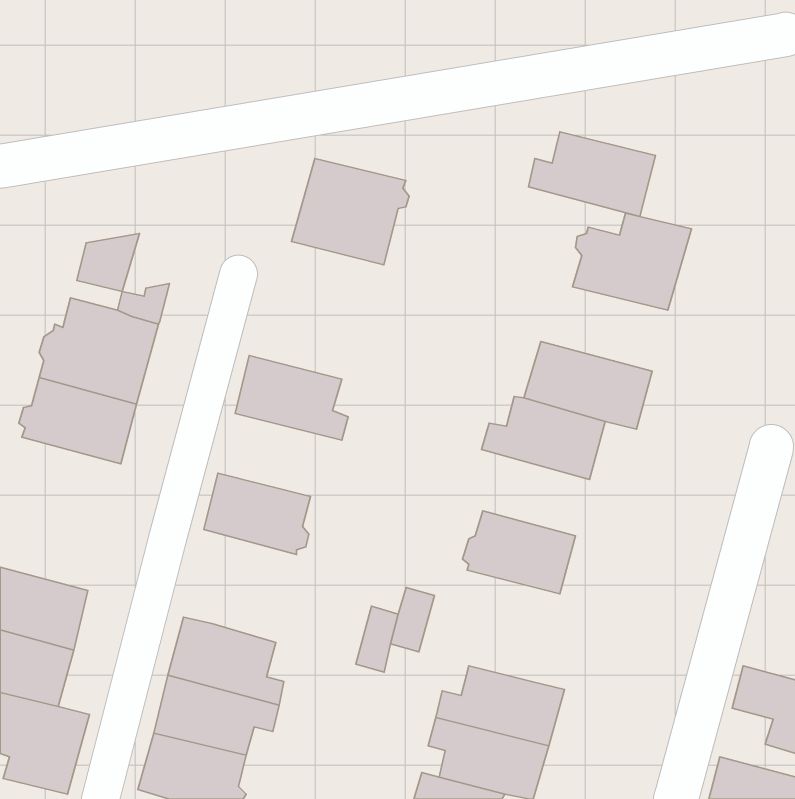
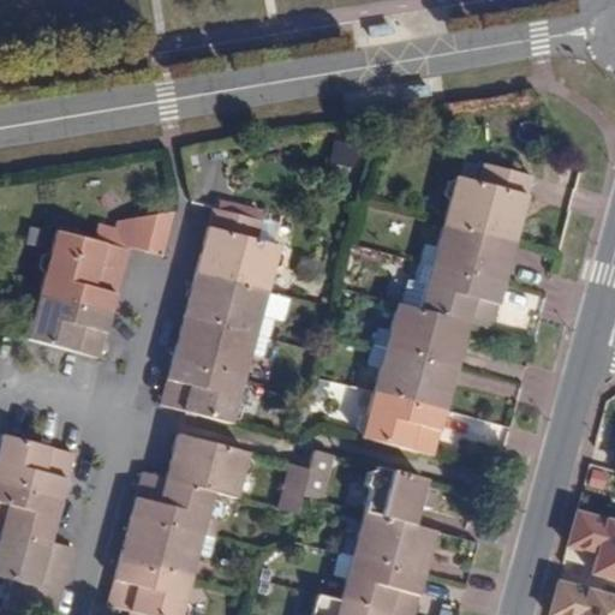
building: [529,132,656,216] -> [419,220,517,285]
building: [291,158,409,265] -> [196,209,286,291]
building: [77,233,140,291] -> [127,210,175,255]
building: none -> [172,317,267,381]
building: none -> [369,345,456,411]
building: none -> [167,435,252,497]
building: none -> [364,467,431,523]

